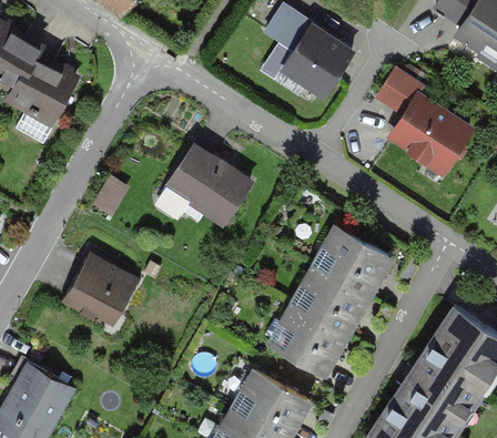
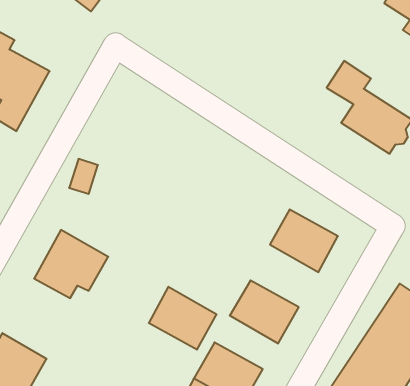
building: [266,10,352,95] -> none
building: [158,145,250,224] -> none
building: [294,266,367,334] -> [149,287,217,350]

